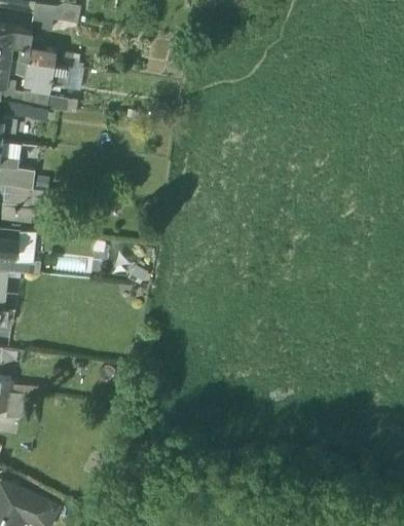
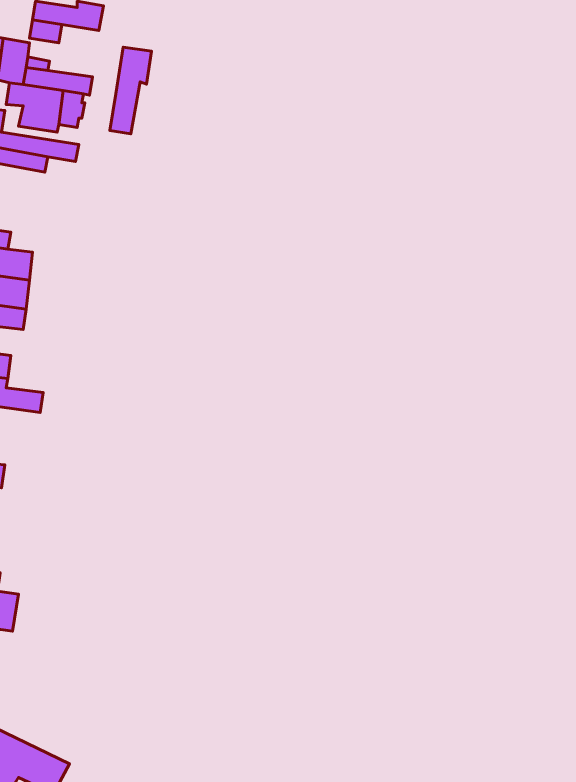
building: none -> [110,47,152,134]

